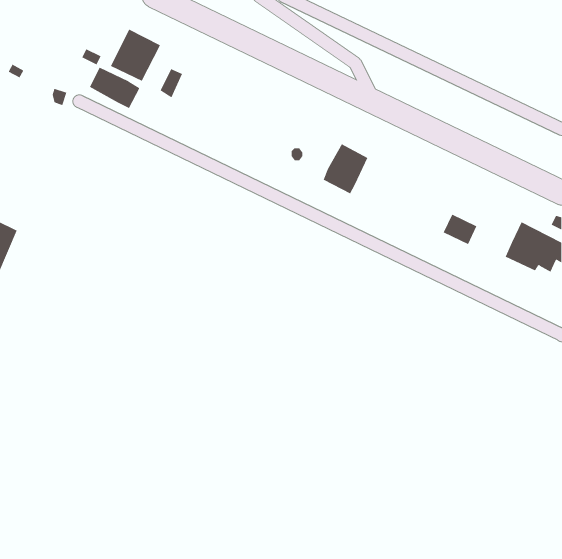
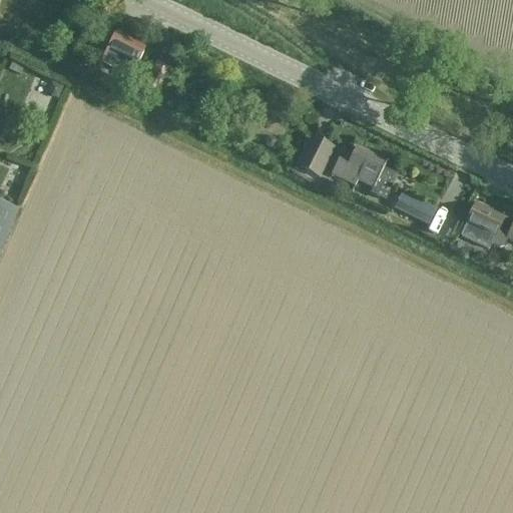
building: [89,67,140,109] -> none
building: none -> [330,145,396,198]

